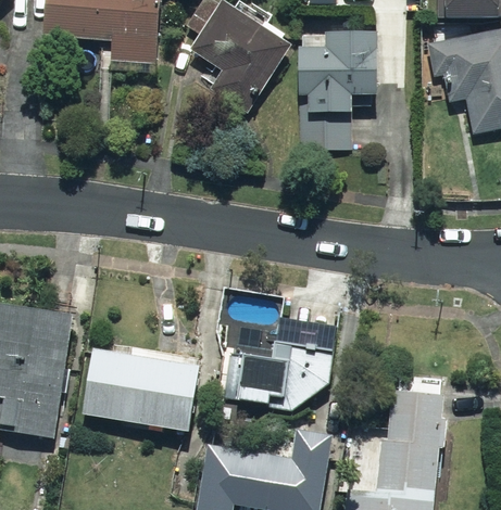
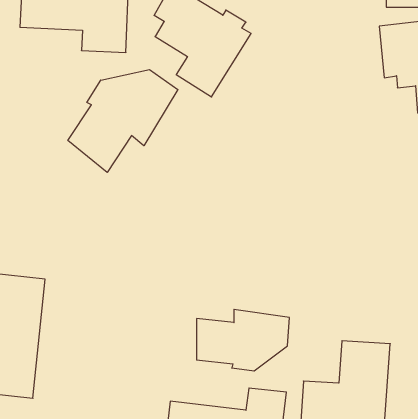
building: [299,31,408,148] -> none
building: none -> [68,70,178,172]
building: [79,345,198,431] -> none

